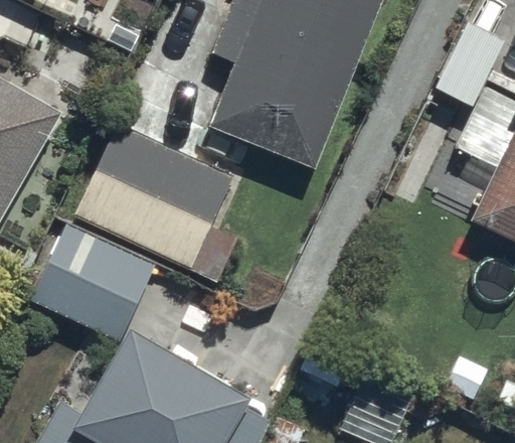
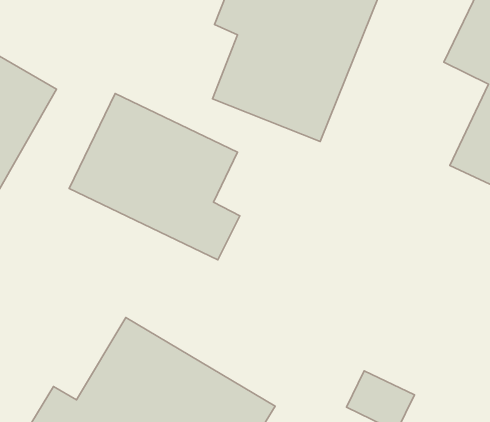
building: [24,218,154,339] -> none

